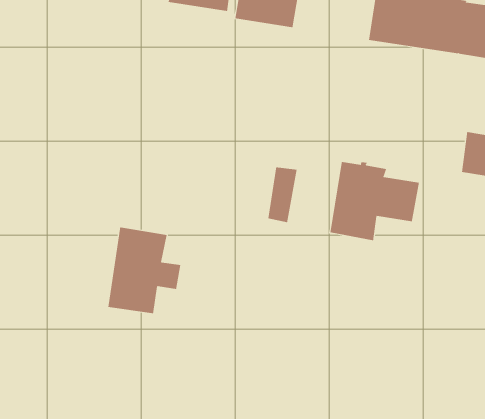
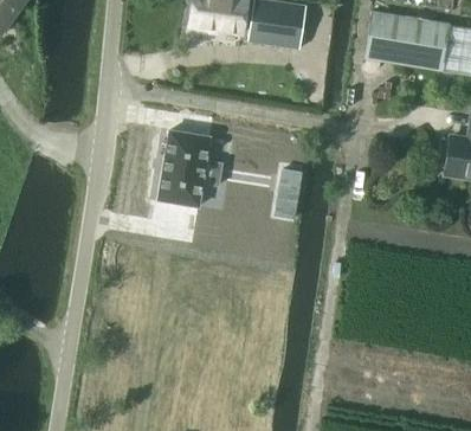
building: [330,161,419,241] -> none
building: [107,227,181,314] -> [157,129,221,205]

